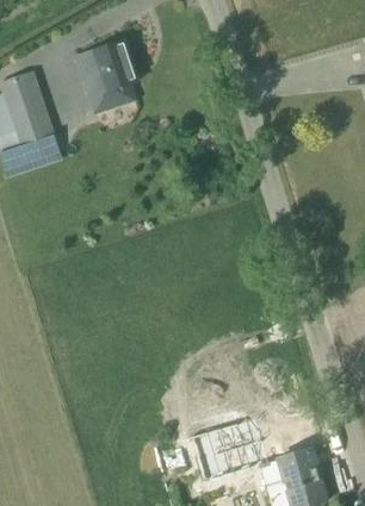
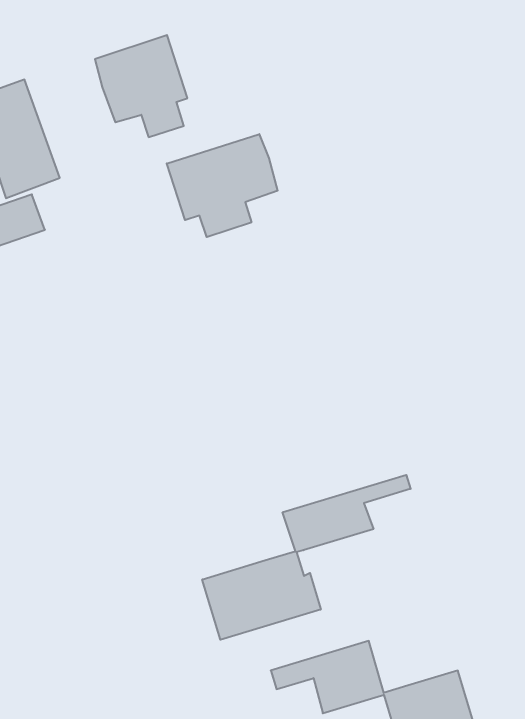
building: none -> [167,134,278,237]
building: none -> [202,475,411,640]

